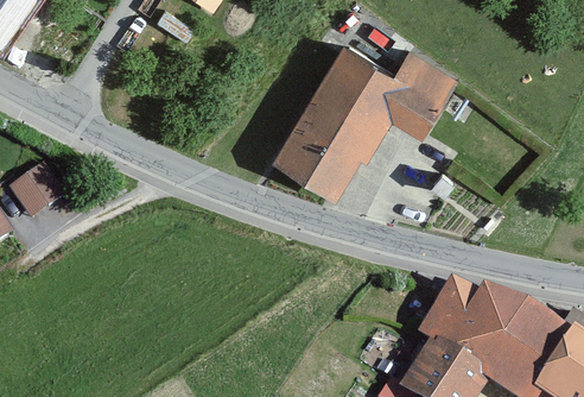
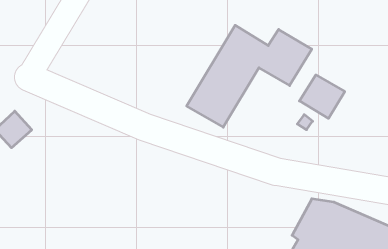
building: none -> [299,75,345,118]

